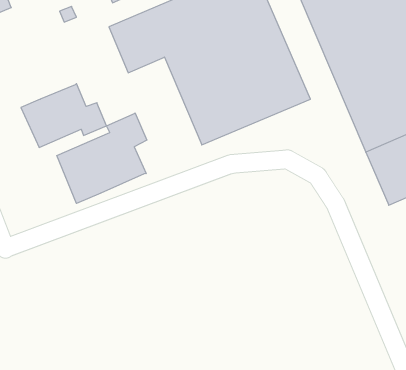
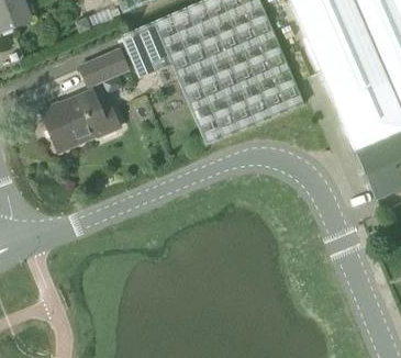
building: none -> [79,47,130,87]
building: [57,113,147,203] -> none

